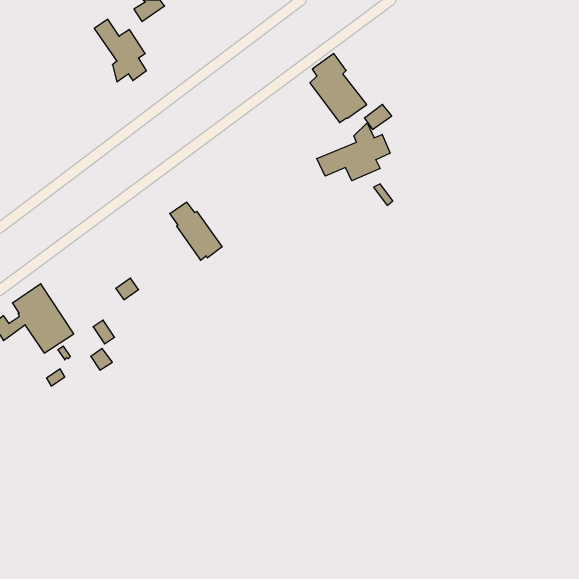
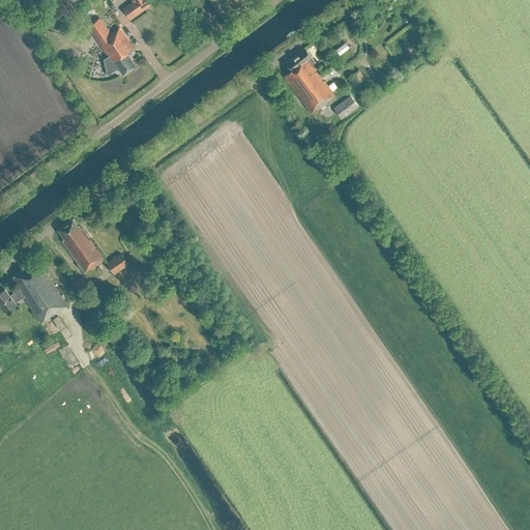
building: [317,123,390,181] -> none
building: [170,202,222,260] -> [56,219,104,272]

